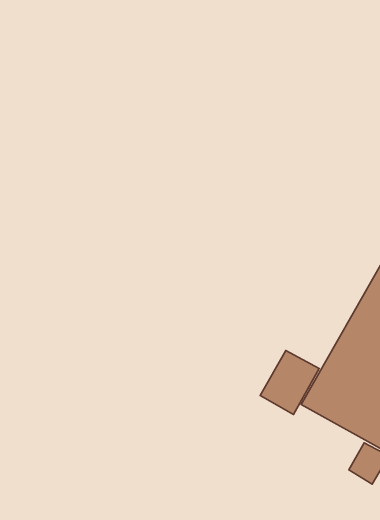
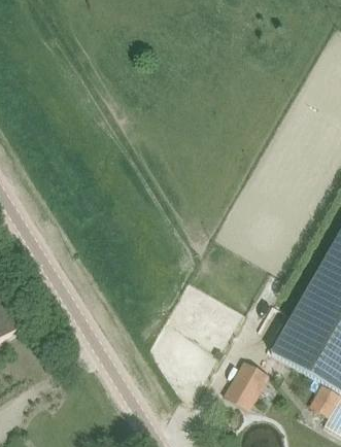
building: [260,350,319,415] -> [221,359,269,411]

